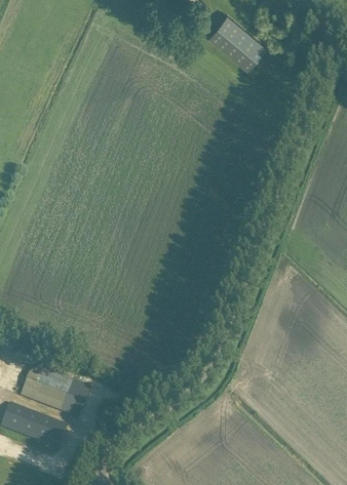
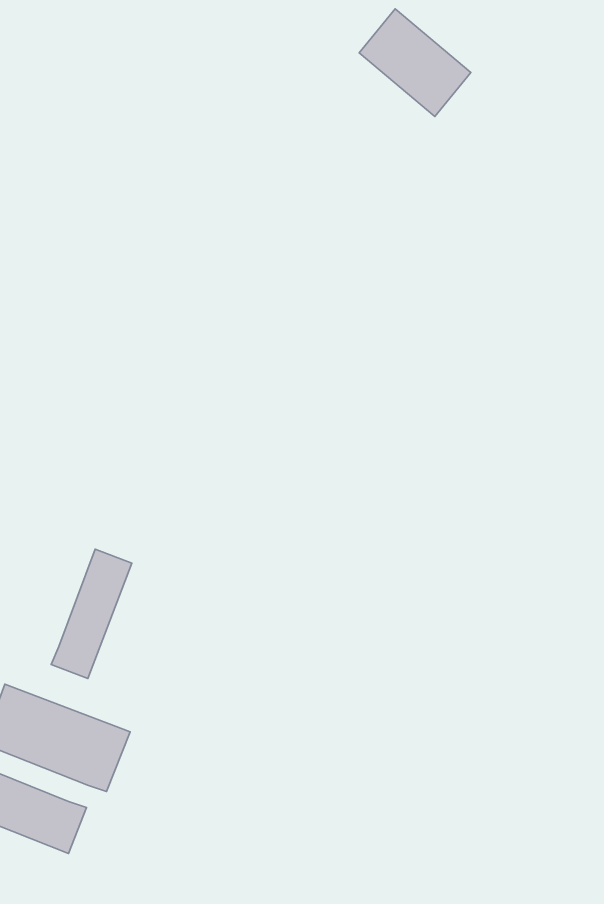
building: none -> [51,549,132,679]

